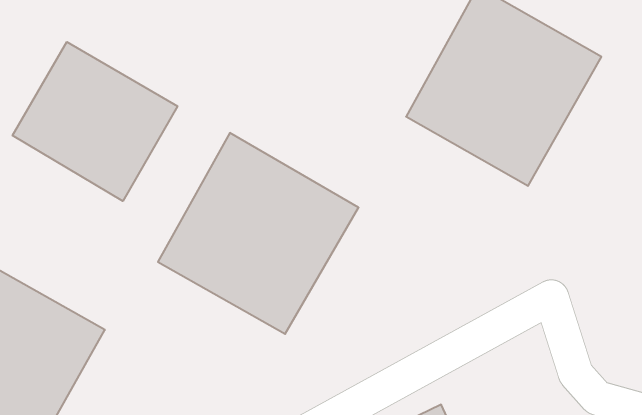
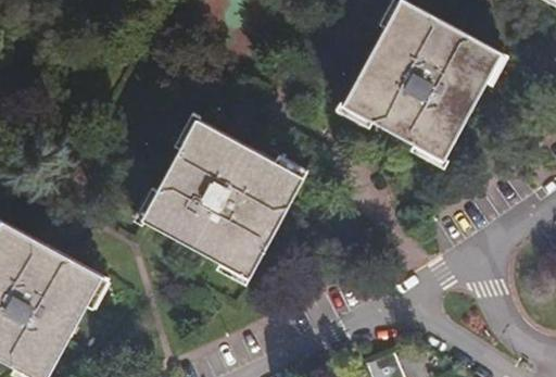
building: [13,42,177,201] -> none

